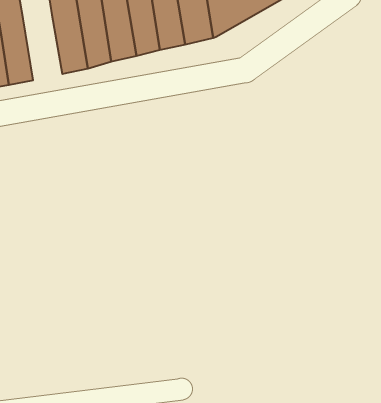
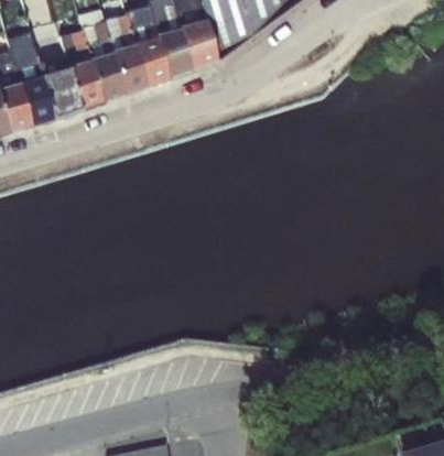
building: none -> [39,56,80,119]

